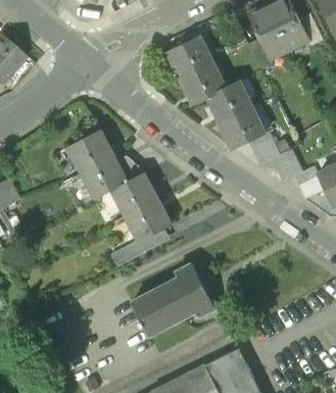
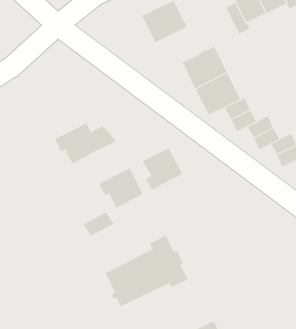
building: [182,62,226,104] -> none
building: [76,130,115,171] -> none
building: [117,174,157,215] -> [142,148,183,191]

